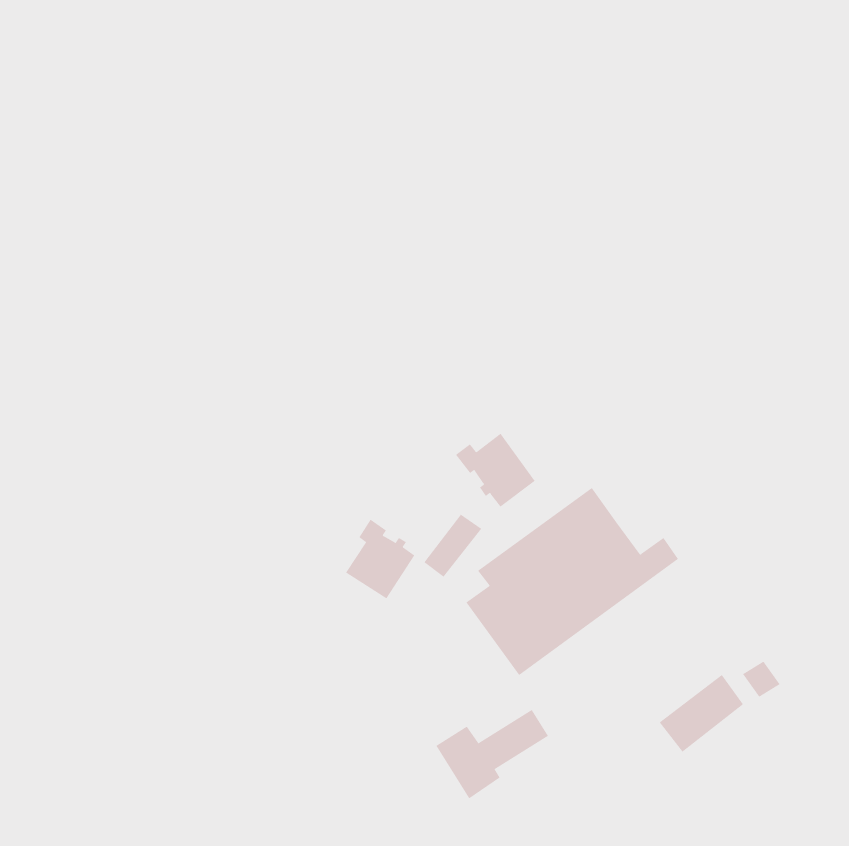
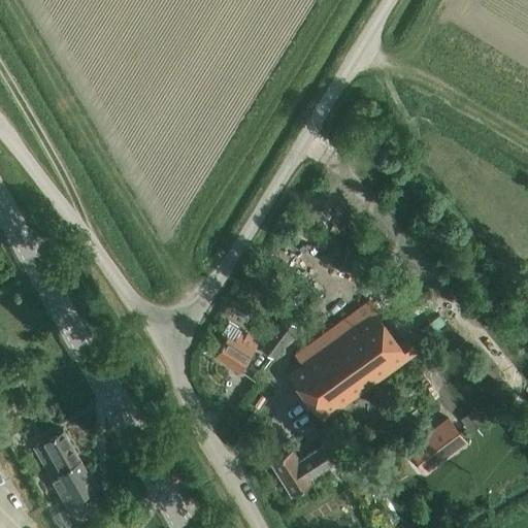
building: [455,433,536,507] -> none
building: none -> [35,433,105,522]

